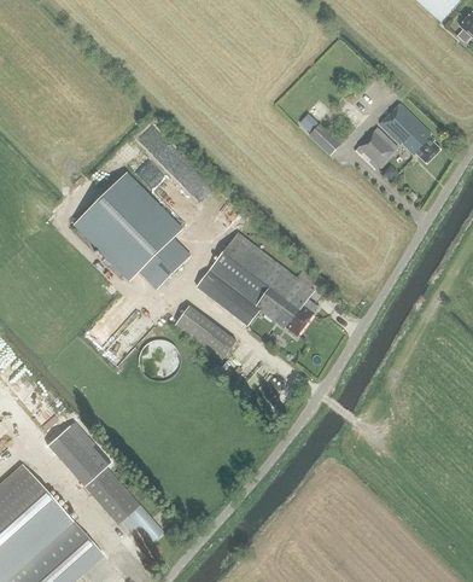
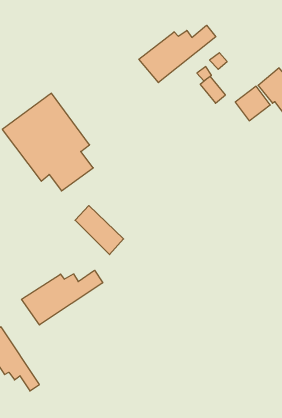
building: none -> [139,25,216,83]
building: [198,235,313,334] -> none
building: none -> [22,270,103,325]

